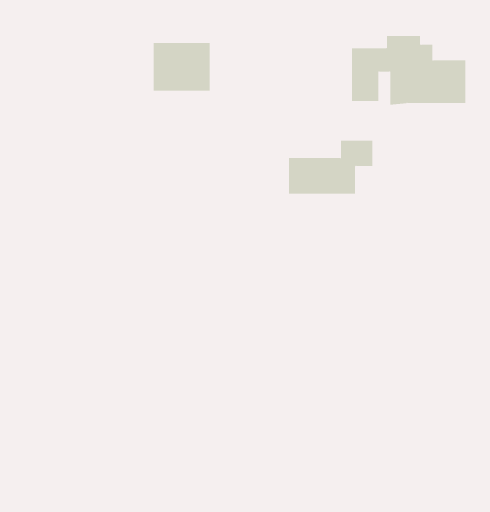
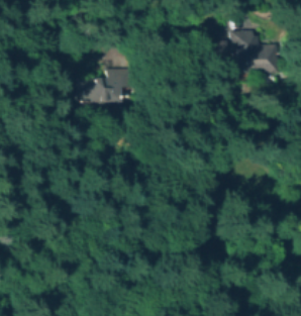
building: [288,140,373,194] -> [81,71,130,102]

